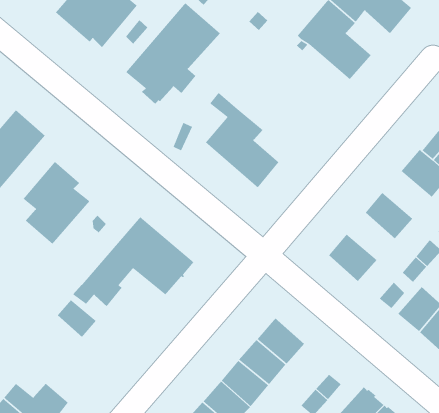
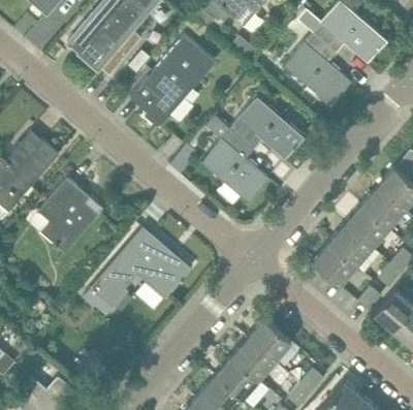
building: none -> [229,96,305,160]
building: none -> [360,187,405,229]
building: none -> [328,224,372,266]
building: [57,299,97,338] -> none

